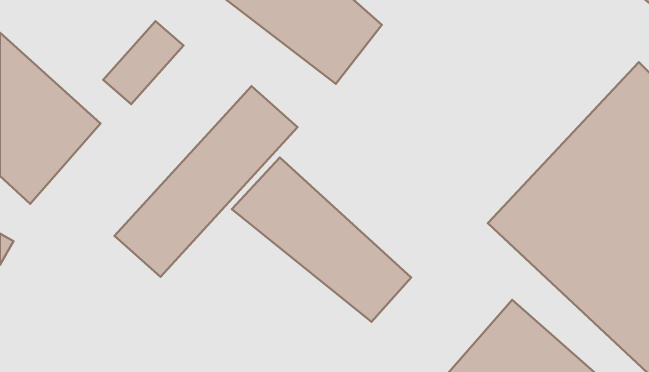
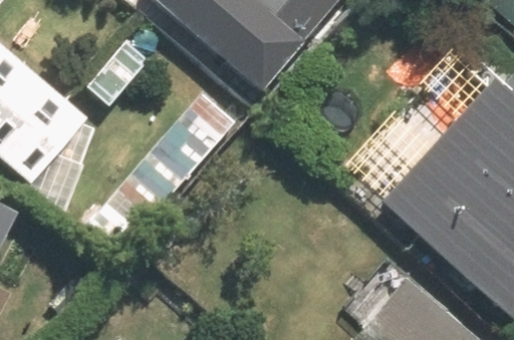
building: [232,157,411,322] -> none

